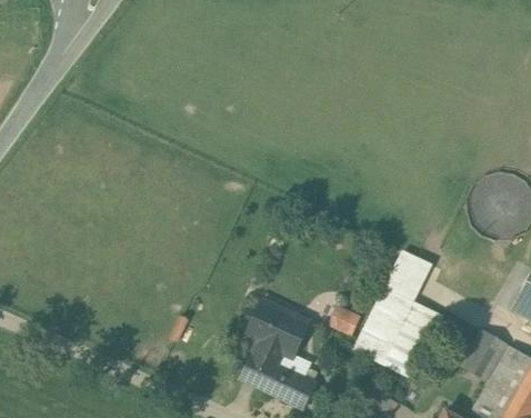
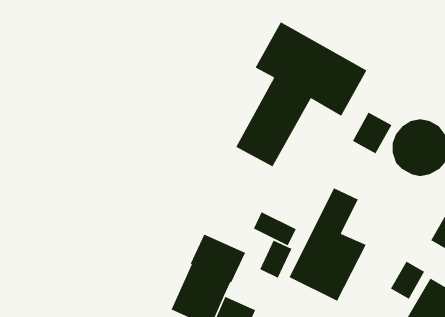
building: none -> [235,21,367,168]
building: none -> [352,111,393,155]
building: none -> [253,211,297,246]

